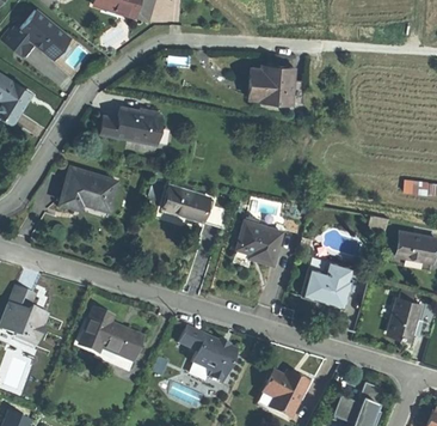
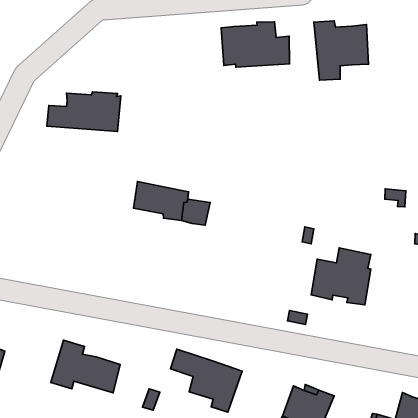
building: none -> [314,21,369,80]
building: [59,165,116,209] -> none
building: [235,221,281,264] -> none

